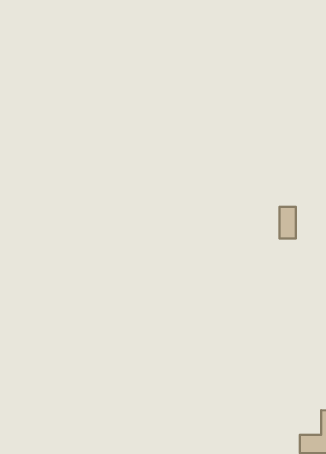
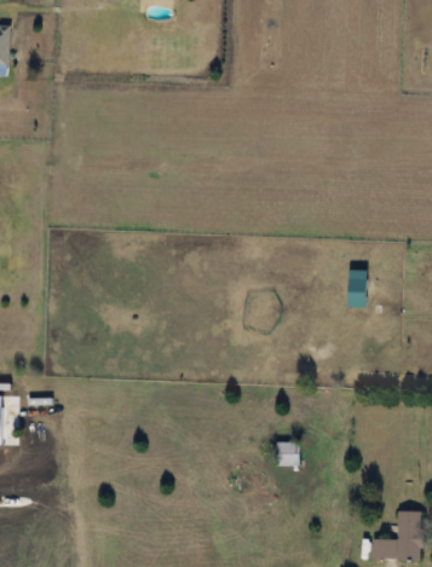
building: none -> [275,441,299,464]

